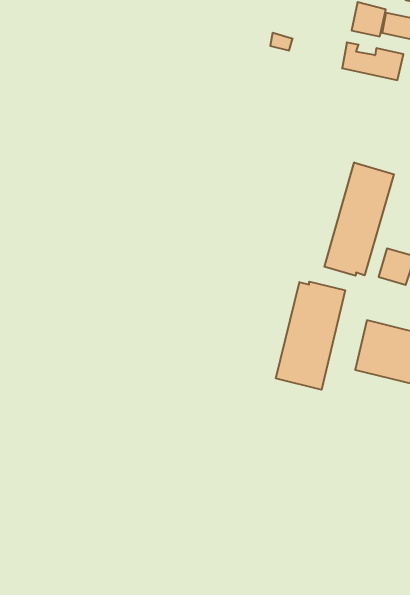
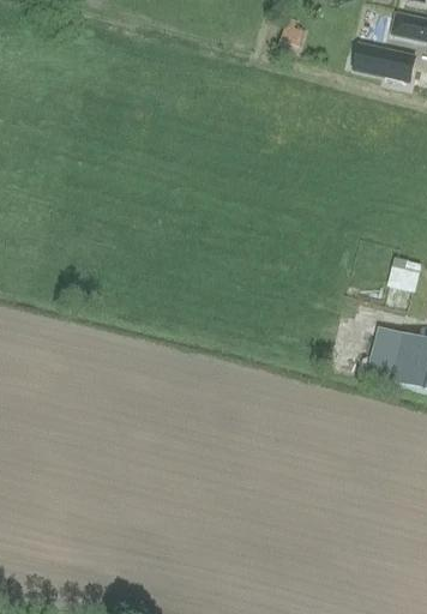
building: [324,162,394,276] -> none
building: [276,282,345,390] -> none

